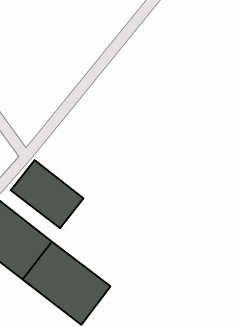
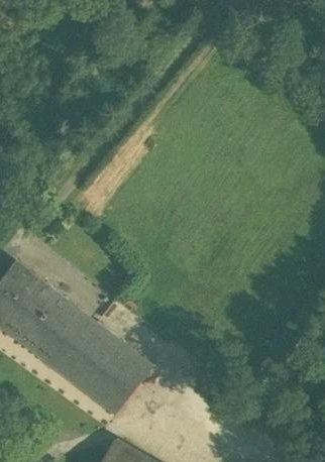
building: [11,160,83,228] -> none

